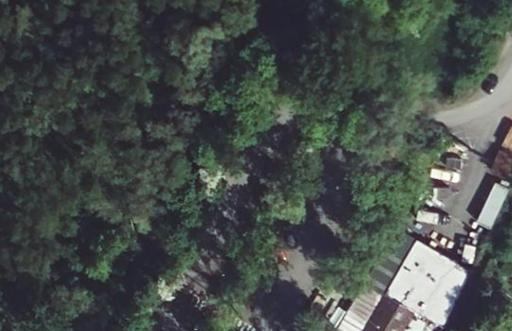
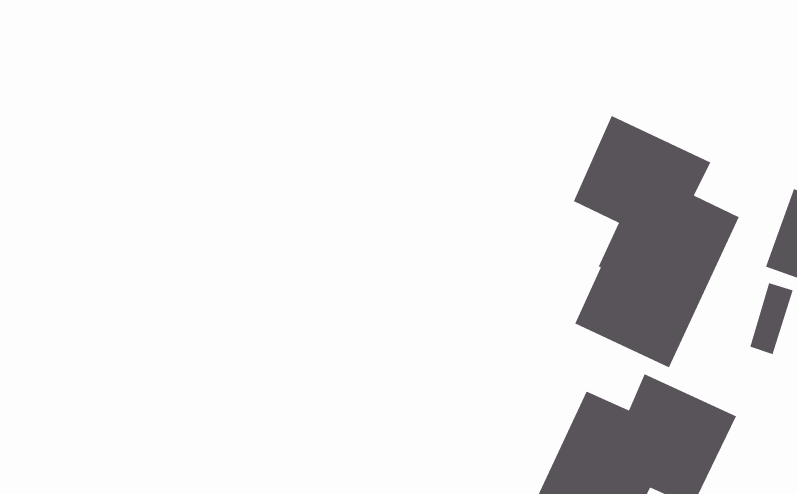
building: none -> [573,115,740,368]

